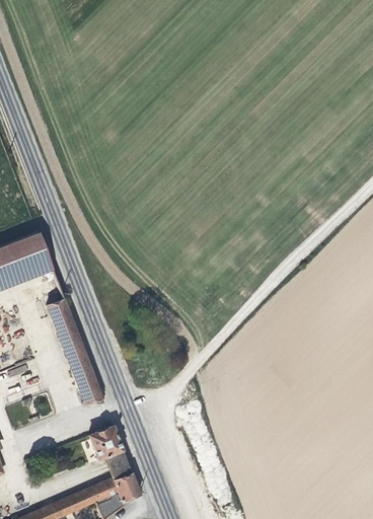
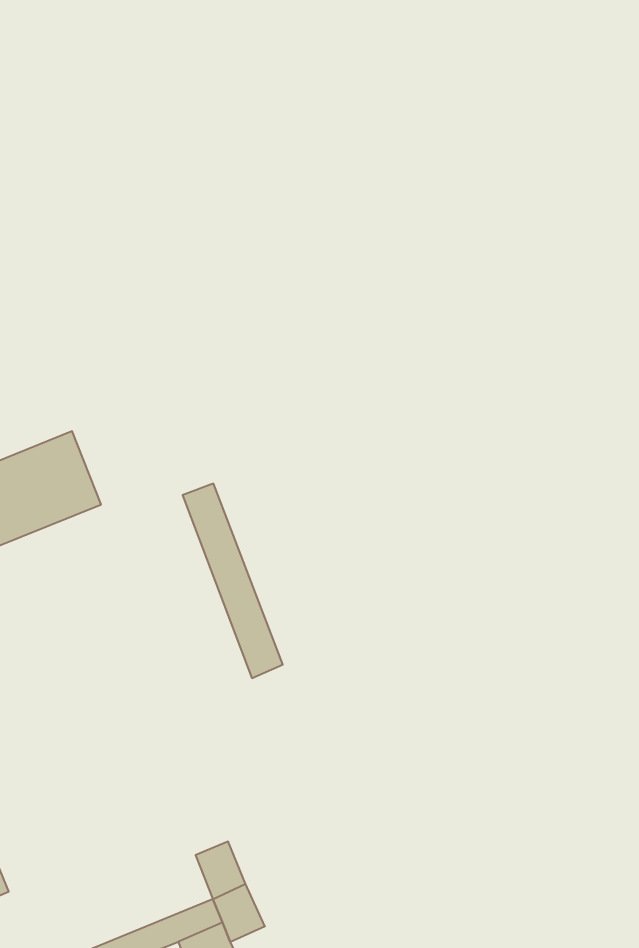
building: [49,300,101,402] -> [183,484,283,678]
building: [89,424,122,456] -> none

